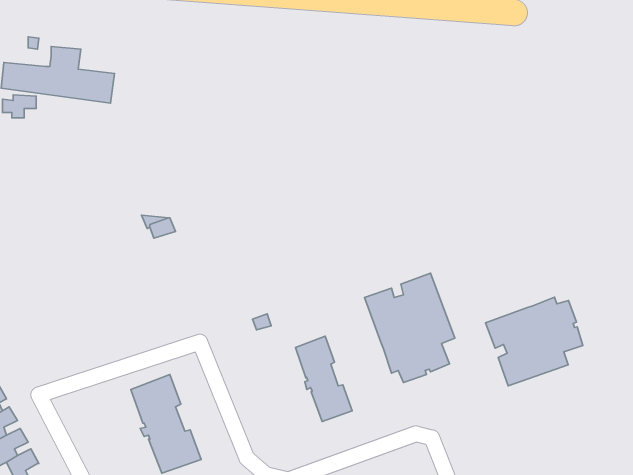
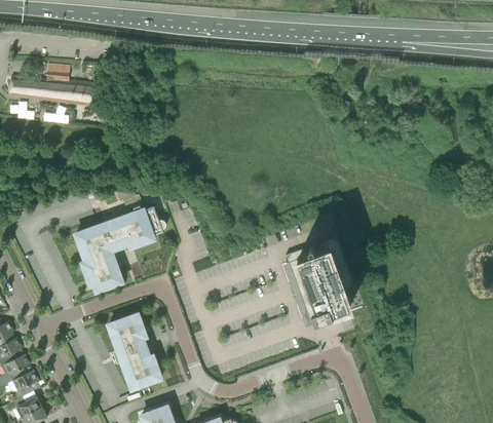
building: none -> [75,205,165,291]
building: [486,297,583,386] -> none
building: [296,336,352,421] -> none

